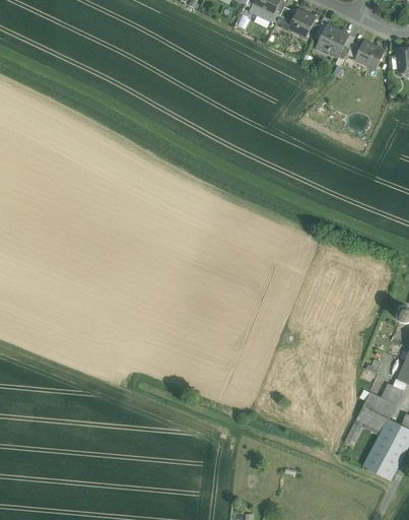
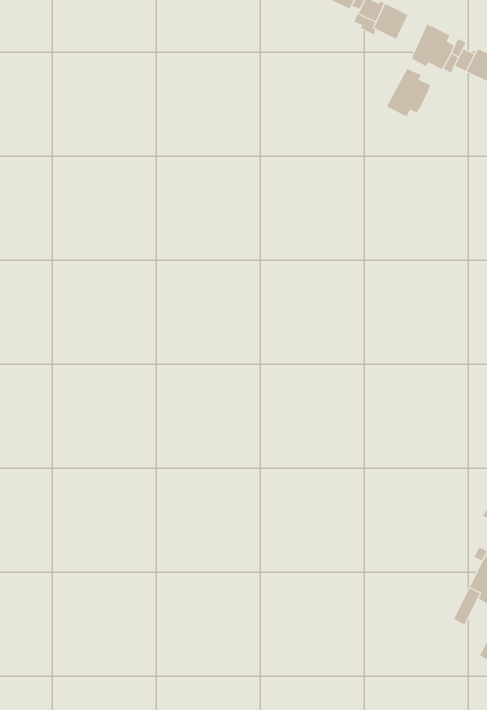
building: none -> [386,68,432,117]

